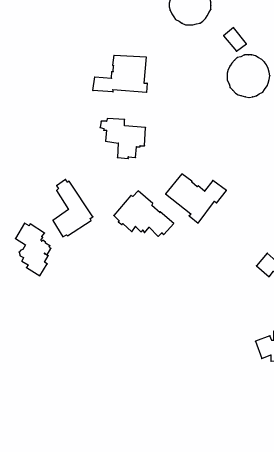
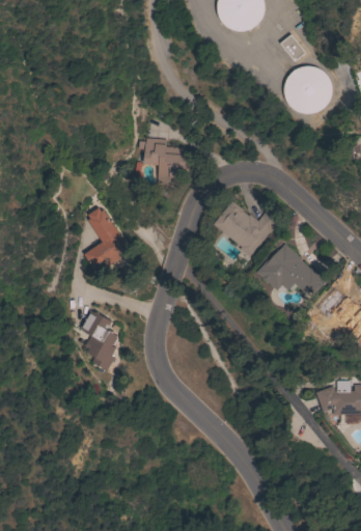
building: [93,55,147,92] -> none
building: [114,191,174,236] -> [257,244,326,296]
building: [15,223,51,276] -> [79,310,119,370]

